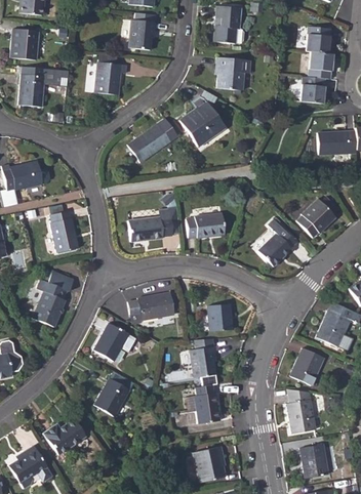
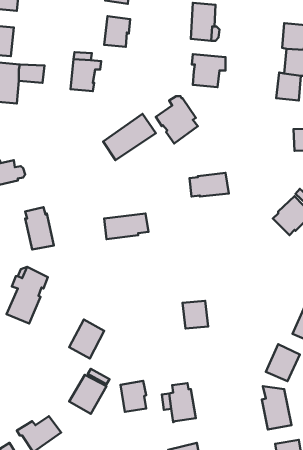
building: [187,214,226,238] -> [190,173,229,197]
building: [258,220,296,266] -> none
building: [130,292,175,321] -> none
building: [191,346,216,377] -> [121,381,146,412]

